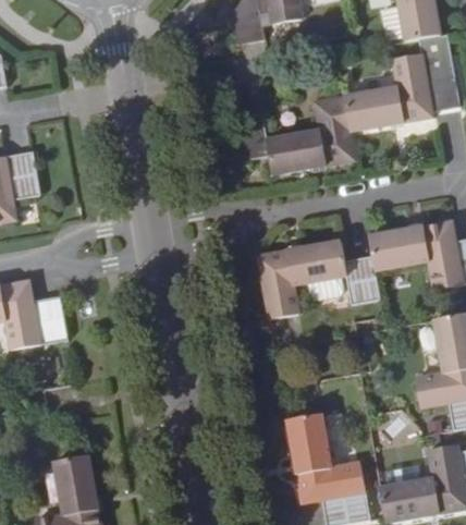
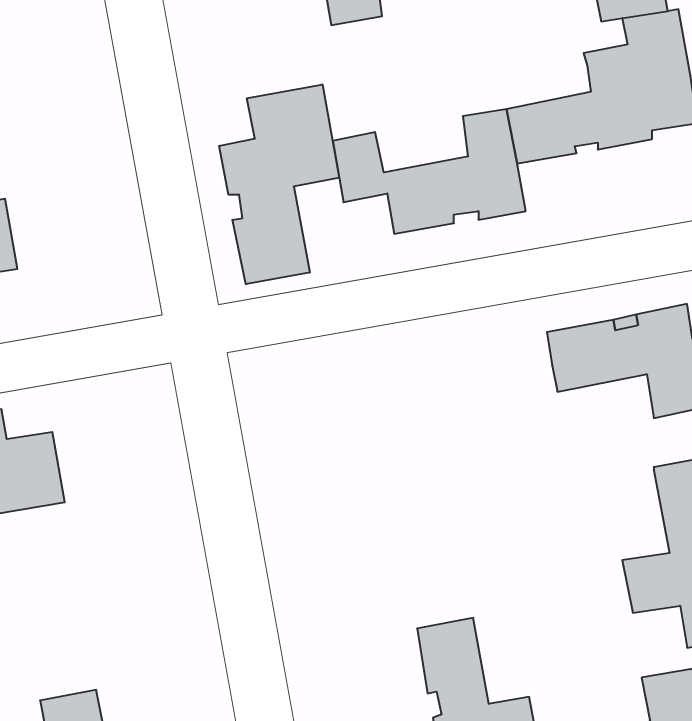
building: none -> [219,84,339,284]
building: [257,239,378,318] -> none

